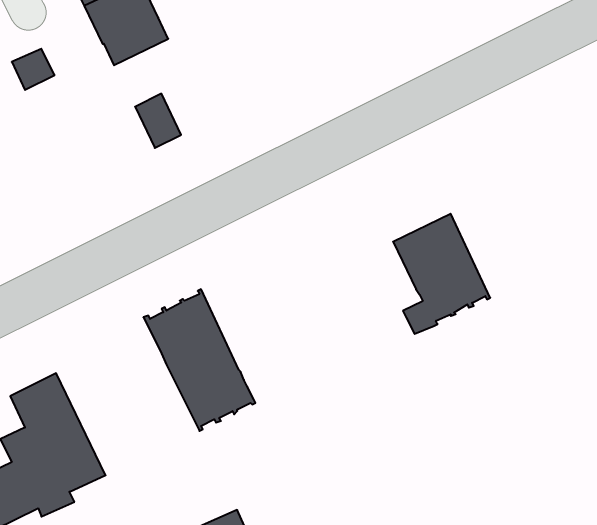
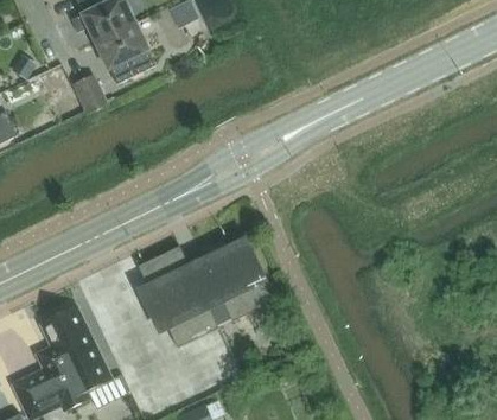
building: [135,94,181,148] -> [74,75,107,114]
building: [393,214,490,334] -> [203,241,273,327]

